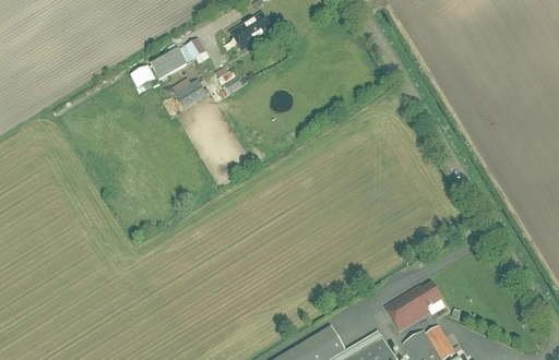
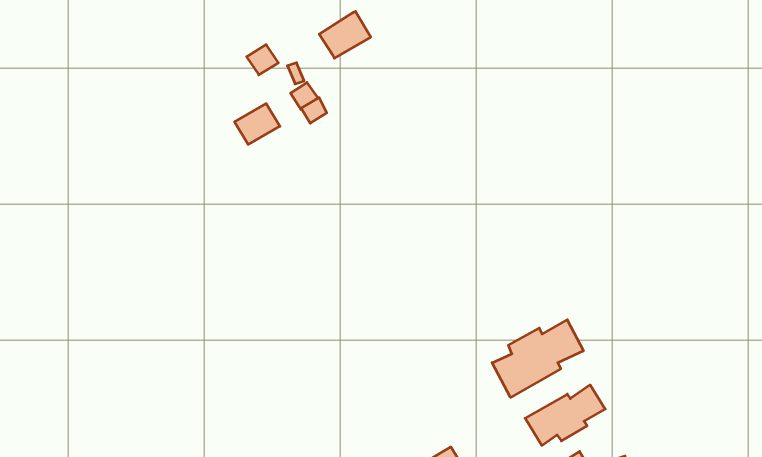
building: [151,47,185,75] -> none
building: none -> [492,320,583,397]

